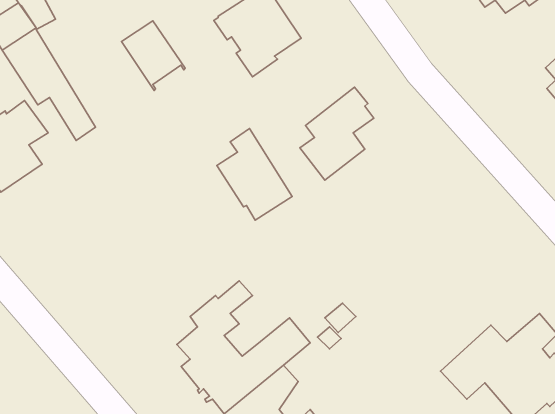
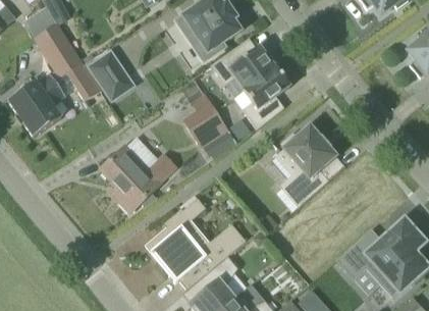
building: [122,21,185,90] -> [89,51,132,99]
building: none -> [211,44,276,89]
building: none -> [280,124,335,205]
building: none -> [101,135,174,210]

